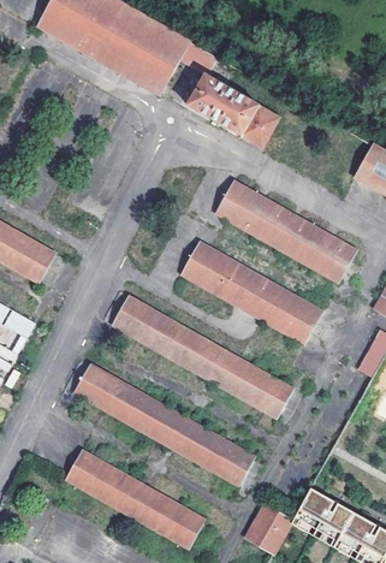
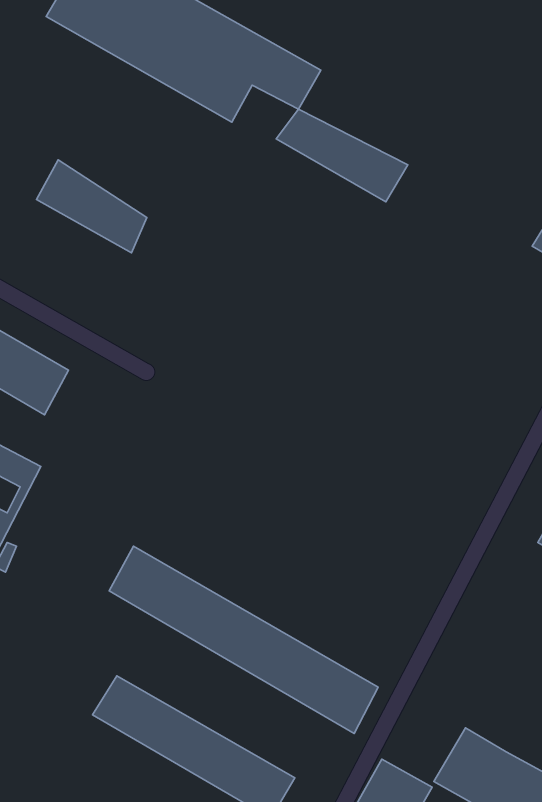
building: none -> [36,160,147,253]
building: [219,186,352,283] -> none
building: [184,244,319,342] -> none
building: [119,300,295,419] -> none

